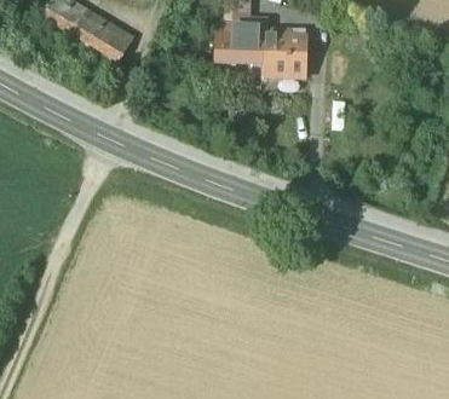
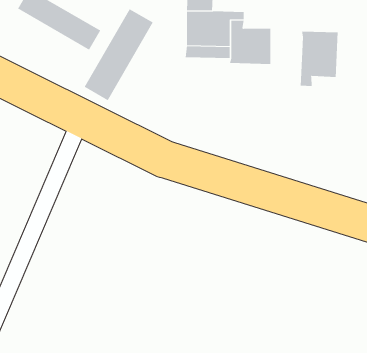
building: none -> [84,8,154,101]
building: none -> [300,31,338,87]

